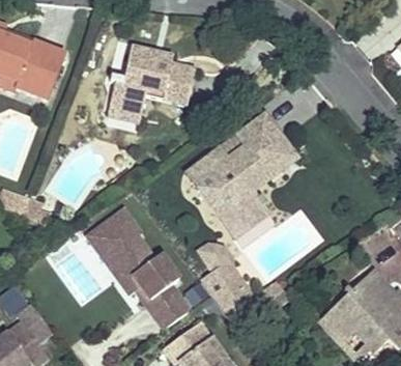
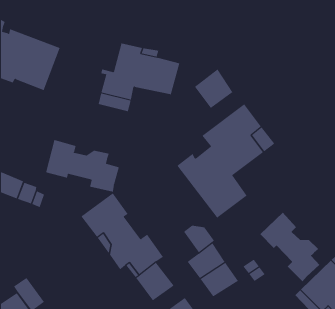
building: none -> [194,69,233,109]
building: none -> [46,139,120,193]
building: none -> [259,212,320,282]

